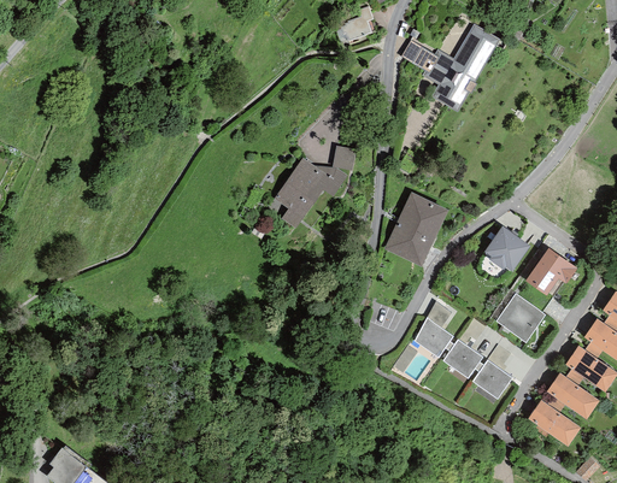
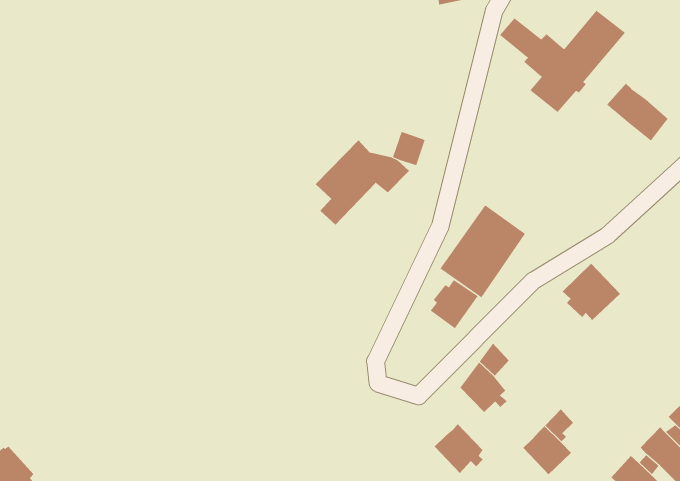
building: none -> [606,83,669,141]
building: [525,248,576,296] -> none
building: none -> [430,279,478,329]
building: [495,294,545,343] -> none
building: [442,340,483,379] -> [434,423,483,474]

